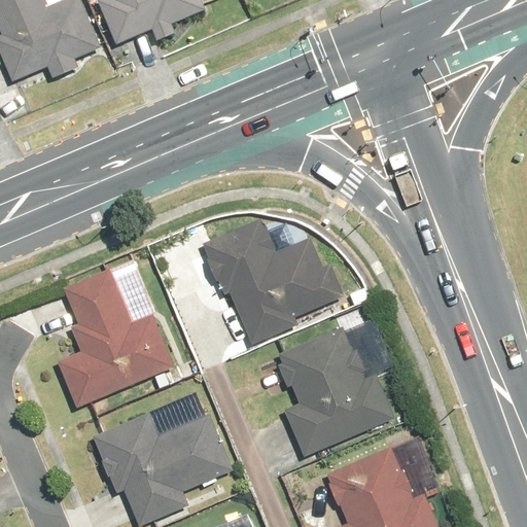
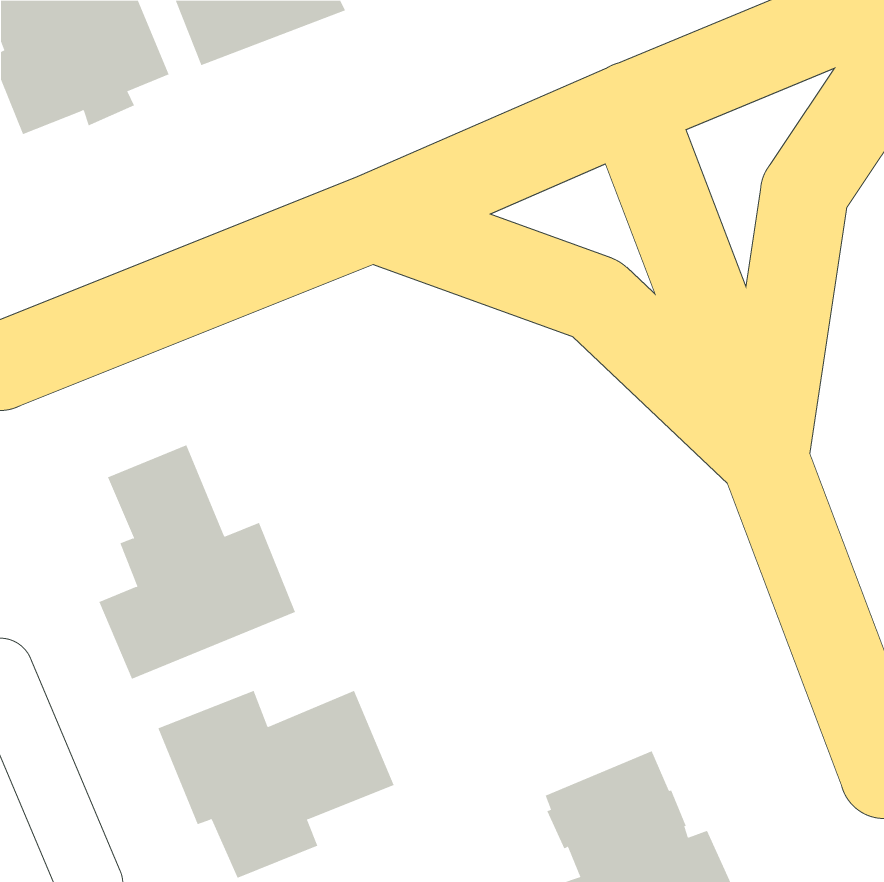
building: [203,218,344,341] -> none
building: [275,328,392,457] -> none

